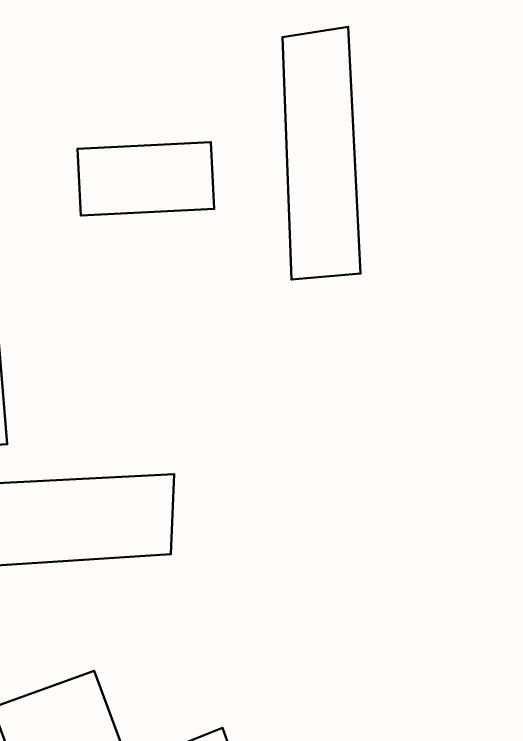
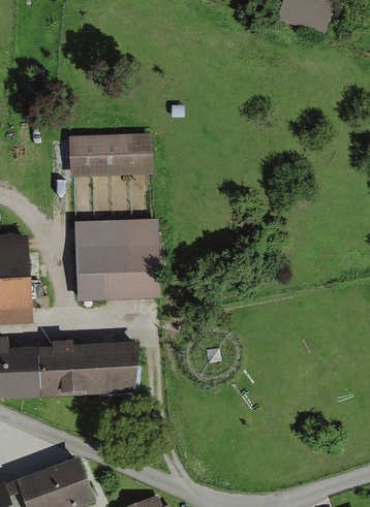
building: [283,27,360,279] -> none
building: none -> [74,220,161,304]

